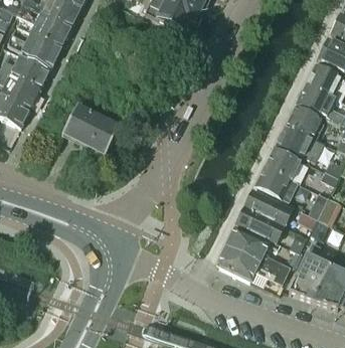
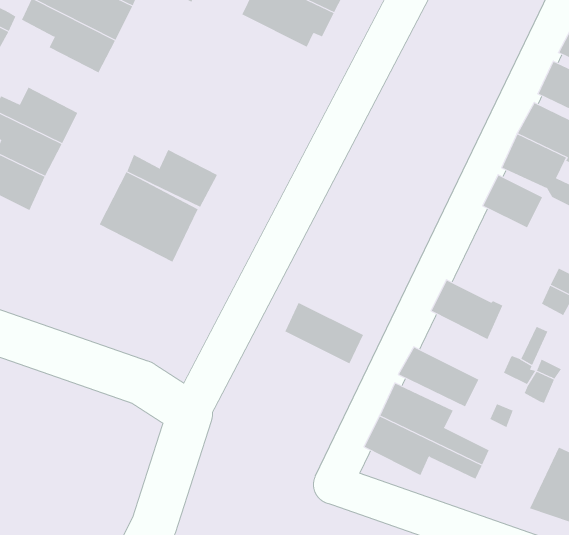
building: [8,30,61,64] -> [127,149,218,208]
building: [276,123,325,162] -> none
building: [265,147,301,179] -> none
building: [245,188,292,224] -> [284,302,364,364]
building: [288,241,330,300] -> none

